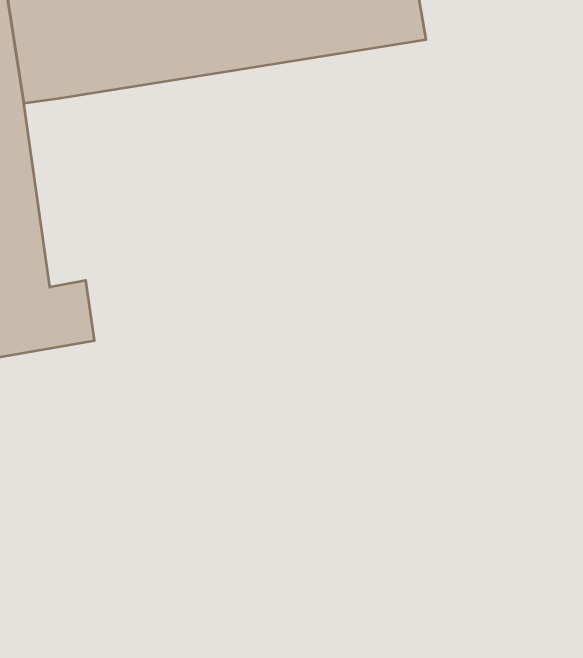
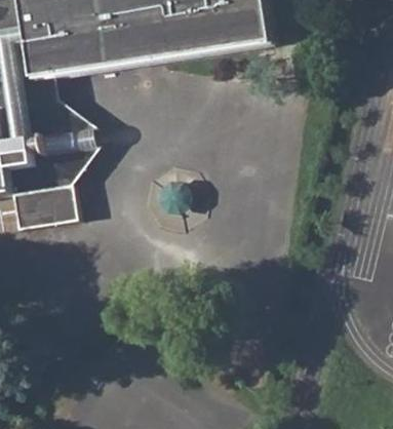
building: none -> [29,74,93,187]

